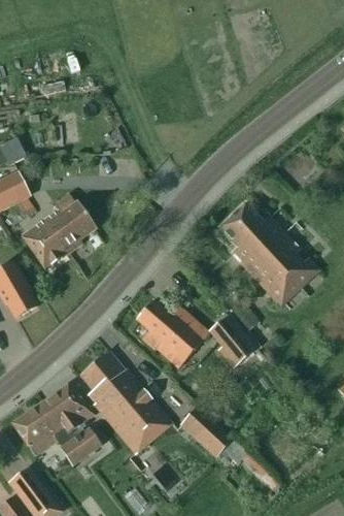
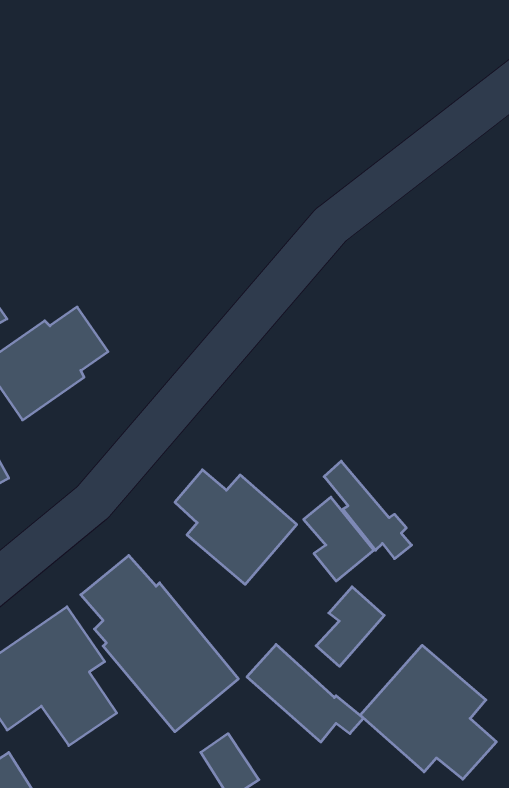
building: [218,202,320,307] -> none
building: none -> [316,587,384,666]
building: none -> [360,645,496,779]

